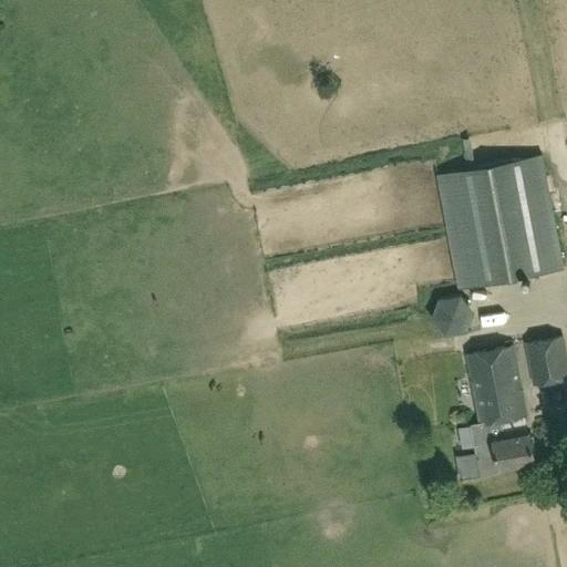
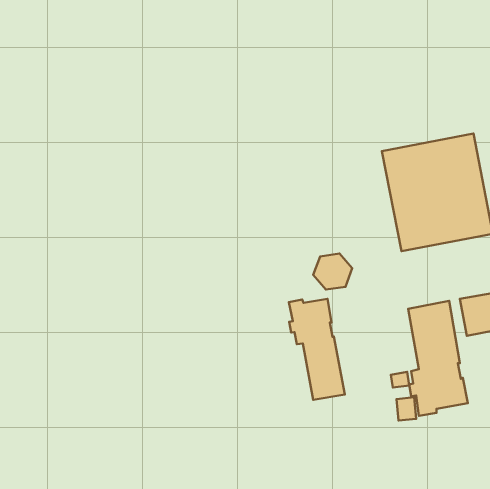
building: [432,297,476,338] -> [313,254,352,290]
building: none -> [289,299,345,400]

